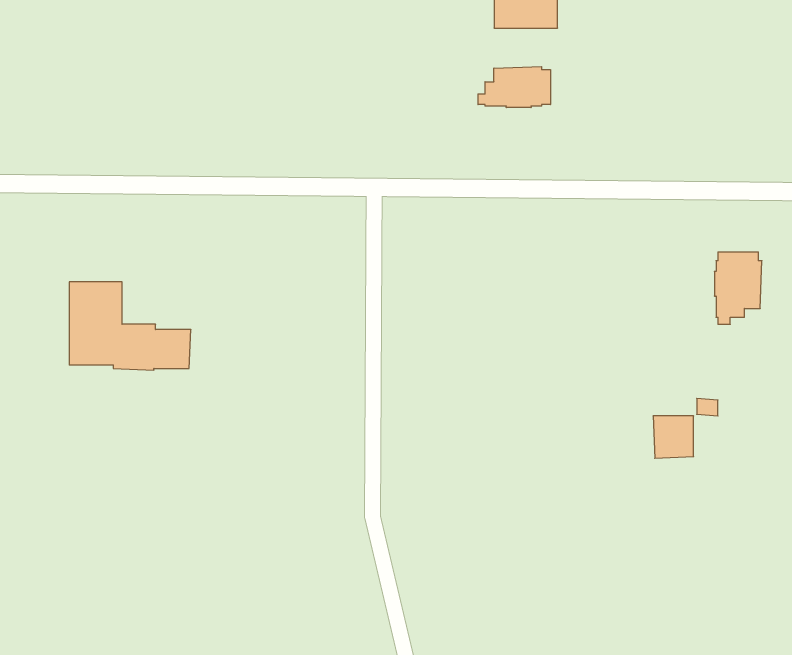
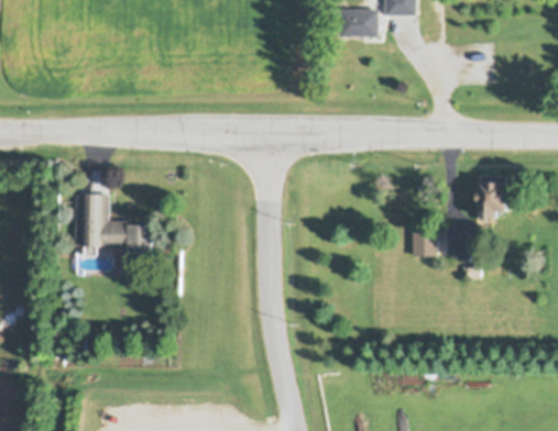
building: [478,67,550,108] -> none
building: [653,416,694,458] -> [412,230,437,256]

